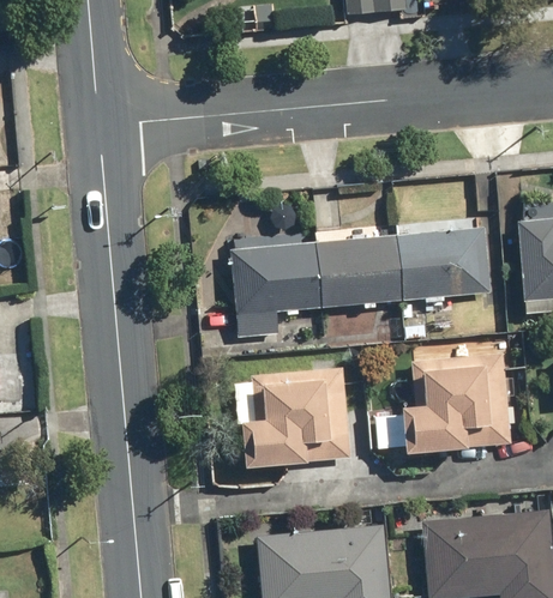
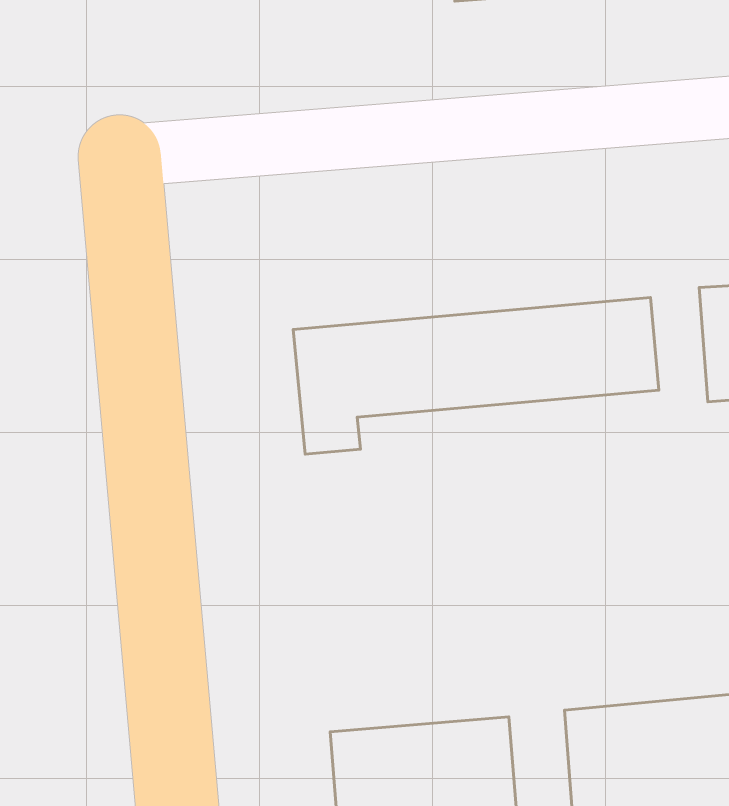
building: [404,354,511,451] -> none
building: [245,366,351,466] -> none

